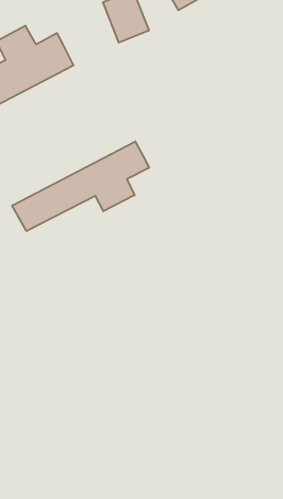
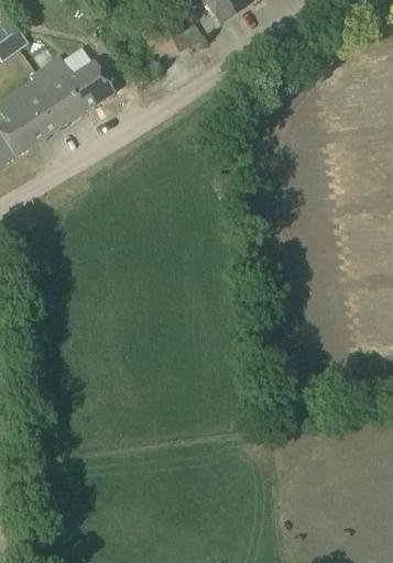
building: [12,141,149,231] -> none

